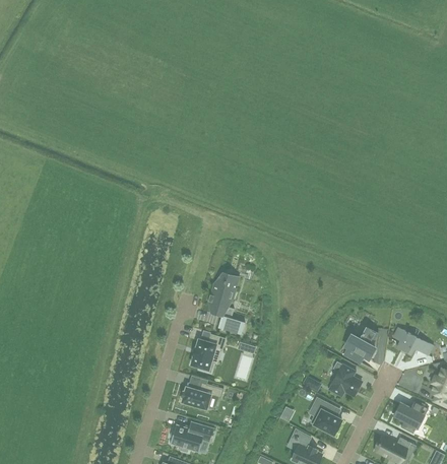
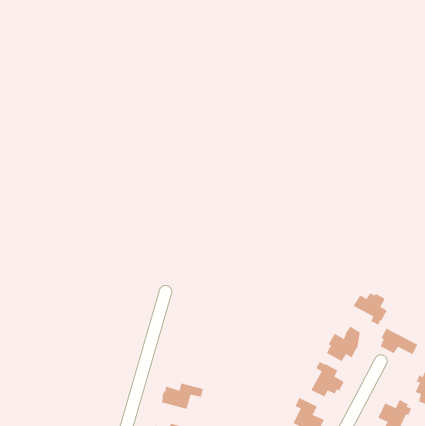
building: [208,271,244,335] -> none
building: none -> [353,293,387,326]
building: [190,334,225,373] -> none

